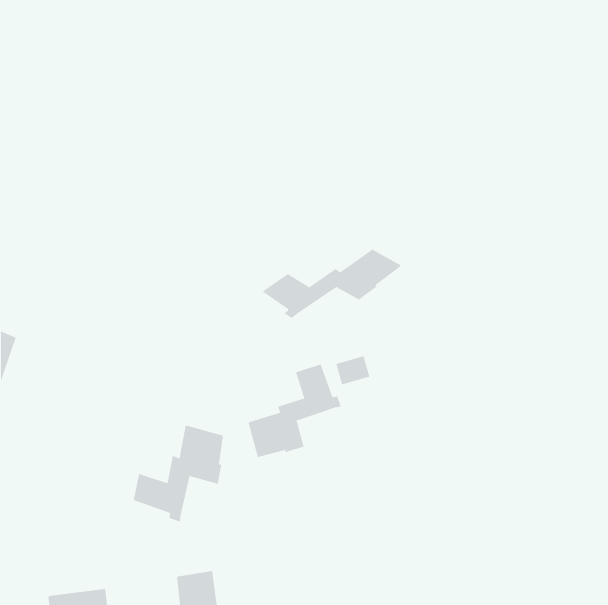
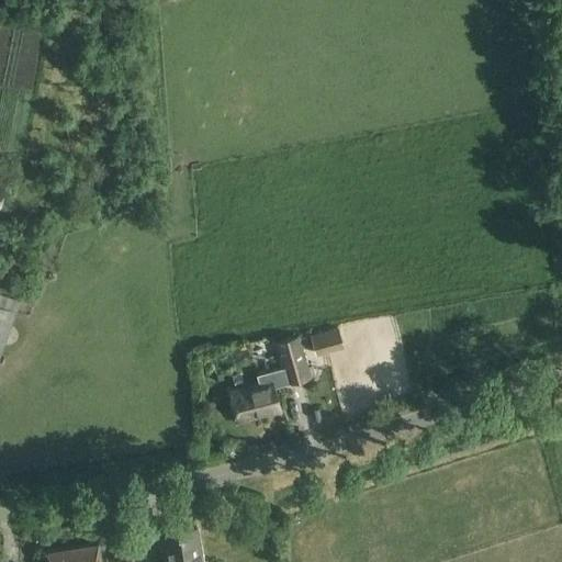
building: [261,249,402,319] -> none
building: [133,425,223,522] -> none

